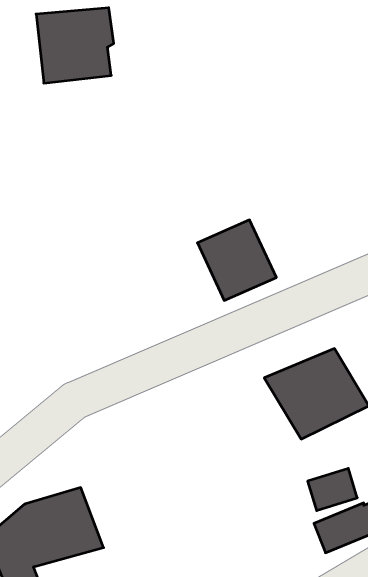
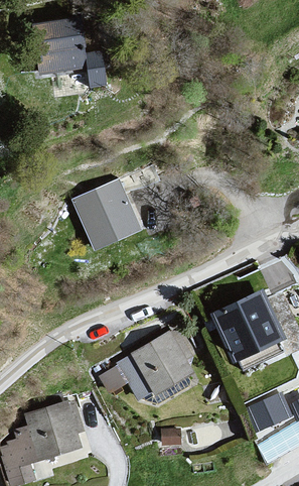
building: [197,220,276,300] -> [74,183,137,246]
building: none -> [116,330,197,401]

